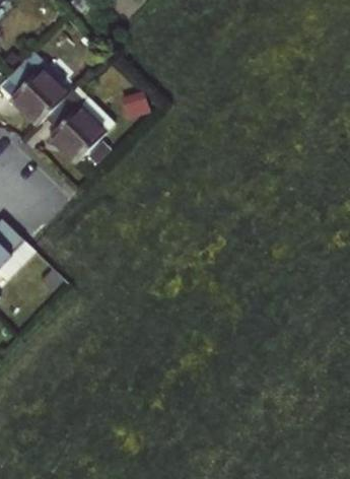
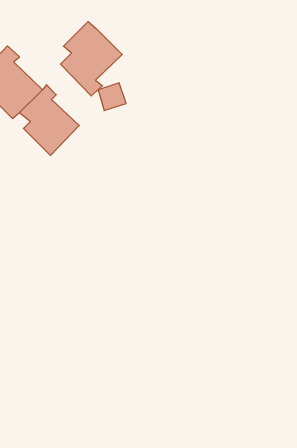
building: none -> [60,22,122,96]

